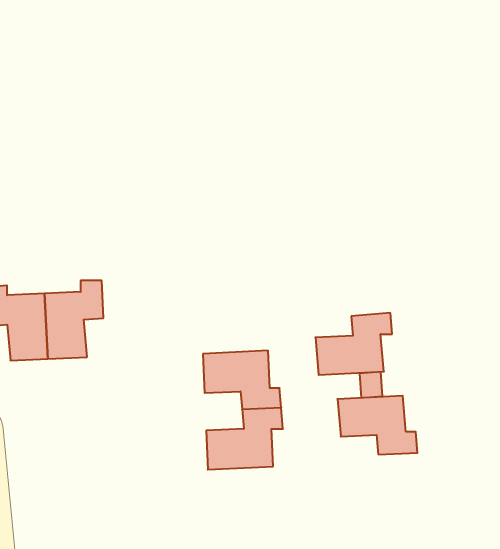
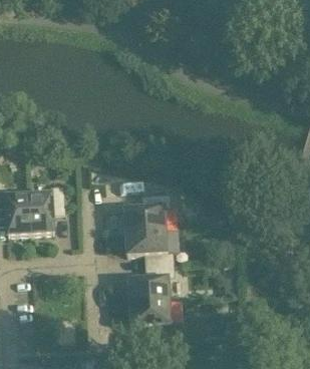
building: [315,313,392,375] -> [124,192,172,230]
building: [337,396,417,454] -> [129,299,179,335]

